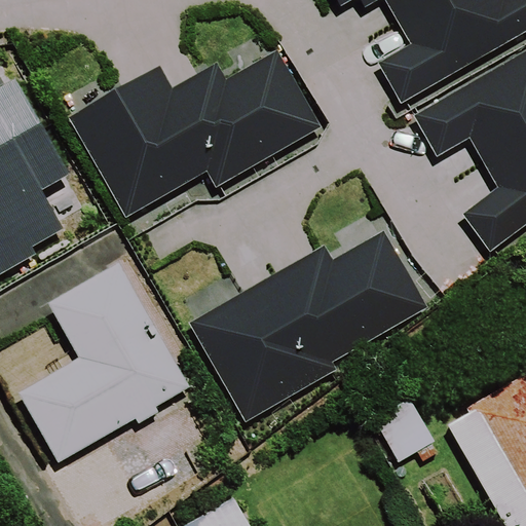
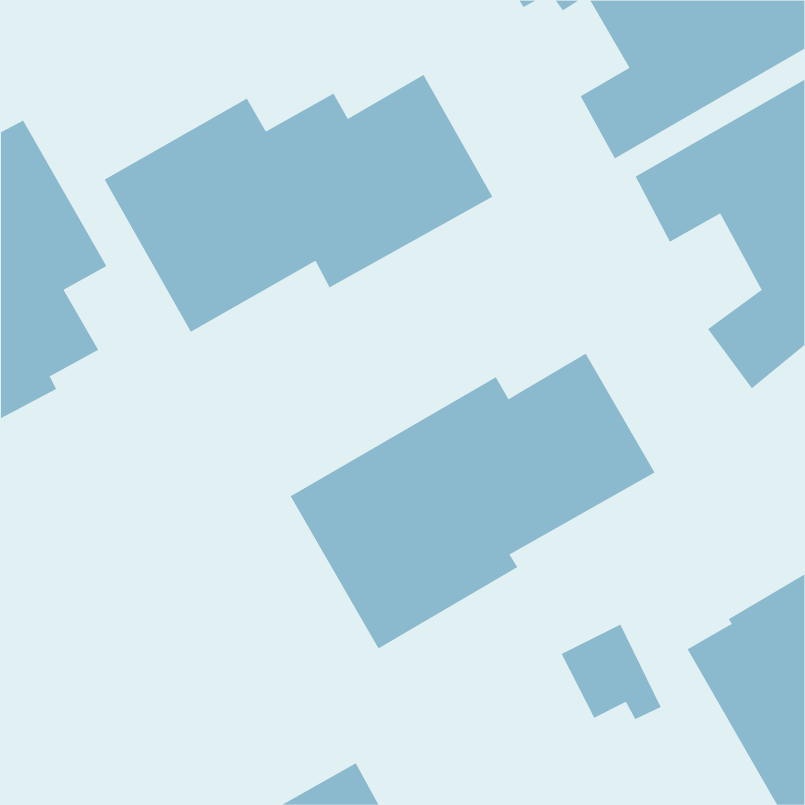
building: [20,262,190,461] -> none

